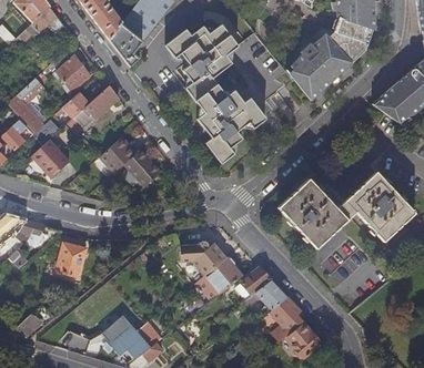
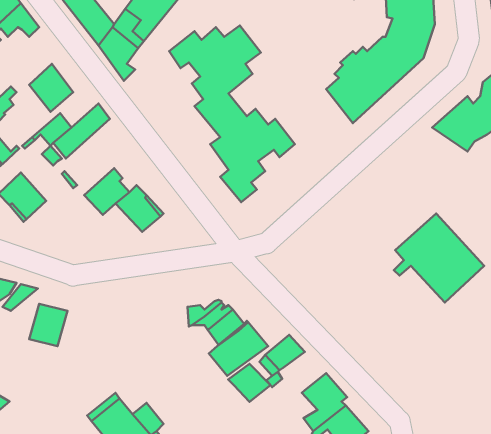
building: [276,177,350,248] -> none
building: [255,279,289,309] -> [228,364,271,402]

